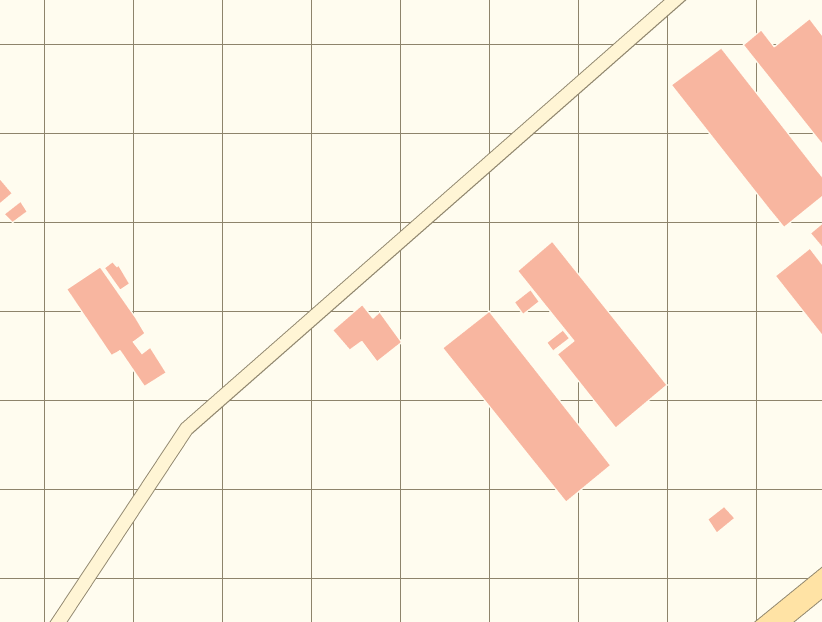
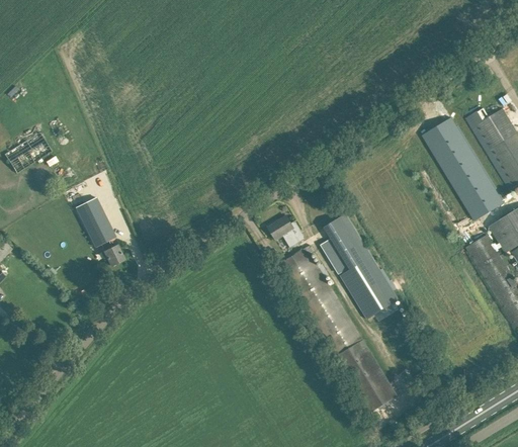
building: [333,305,402,362] -> [267,215,305,248]
building: none -> [335,341,397,413]

